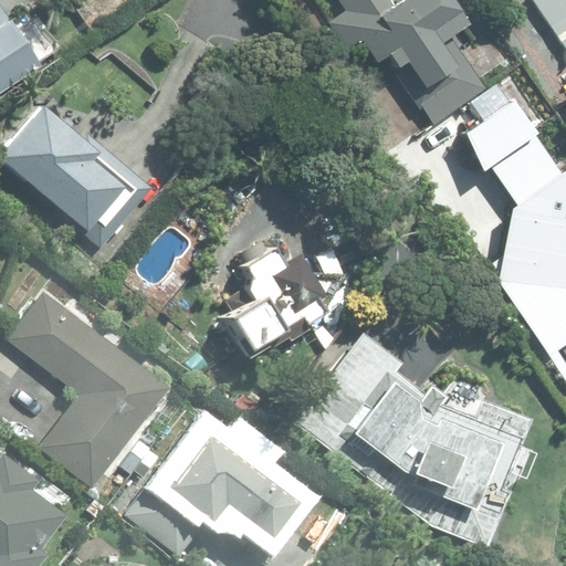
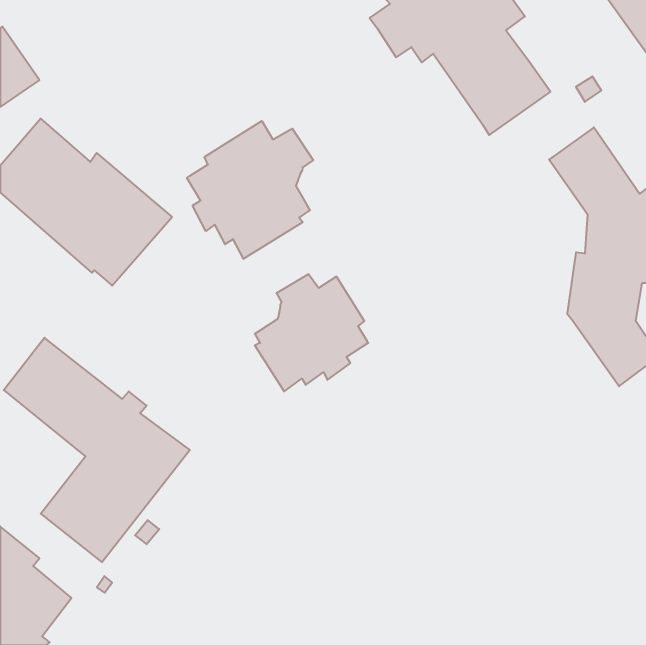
building: none -> [187,121,313,259]
building: [294,335,528,547] -> none
building: [125,412,307,545] -> none

